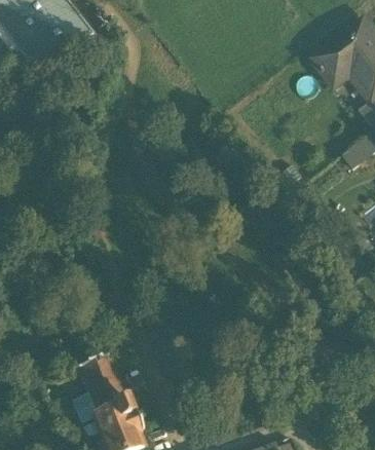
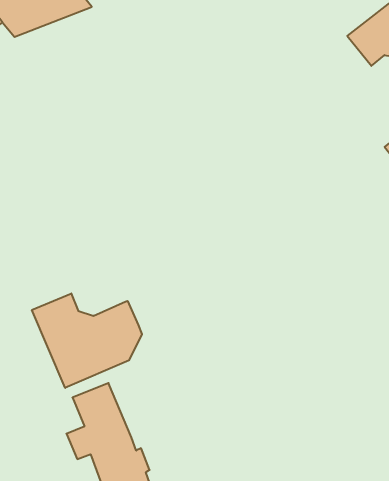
building: none -> [32,293,142,388]

